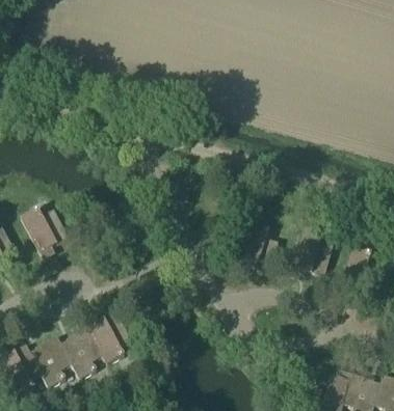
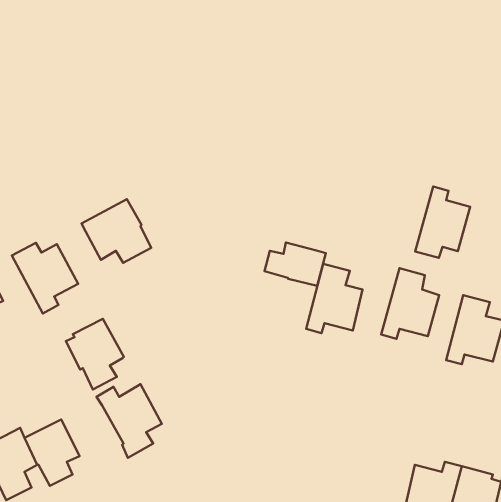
building: none -> [415,186,470,258]
building: none -> [81,199,151,263]
building: none -> [265,243,326,286]
building: [61,328,104,380] -> [66,319,124,389]

